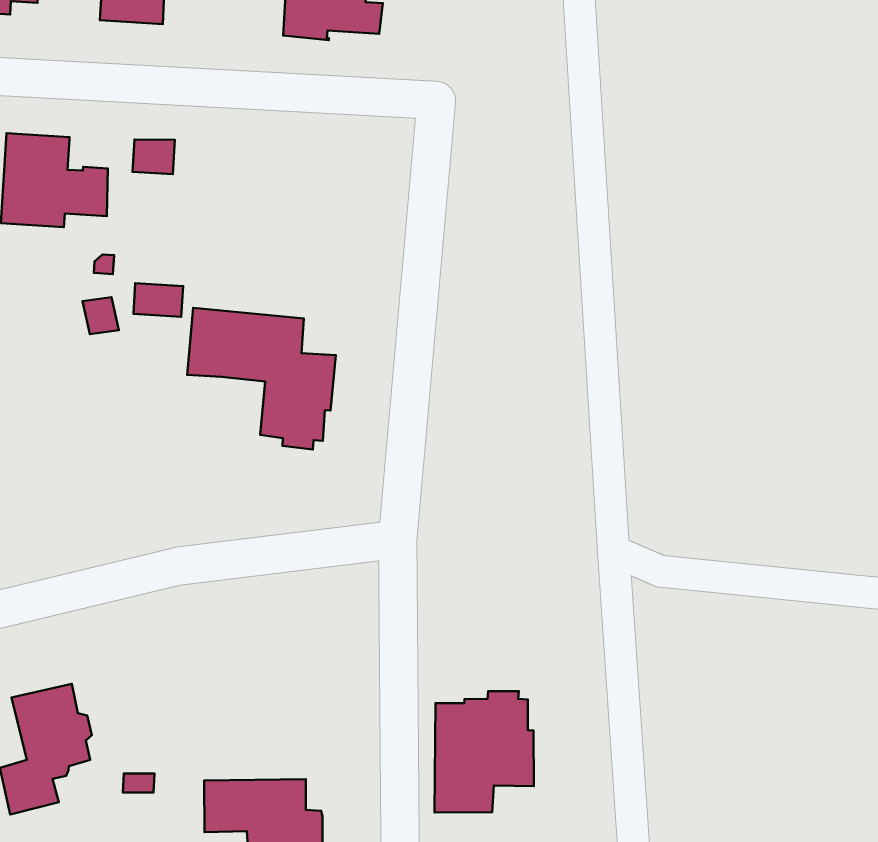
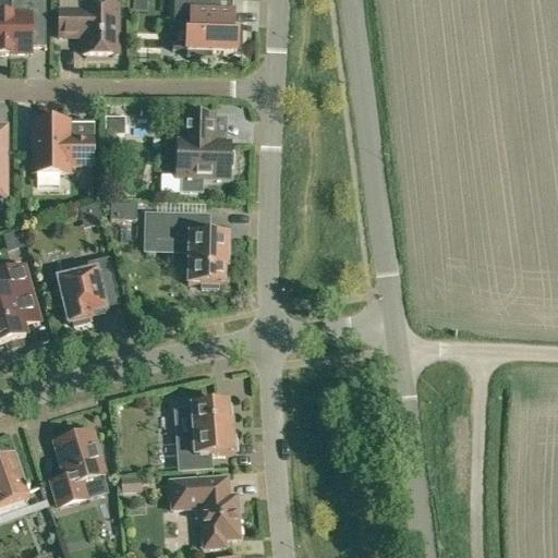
building: none -> [177,111,233,190]
building: none -> [58,254,116,323]
building: [435,691,534,812] -> [174,397,233,469]

